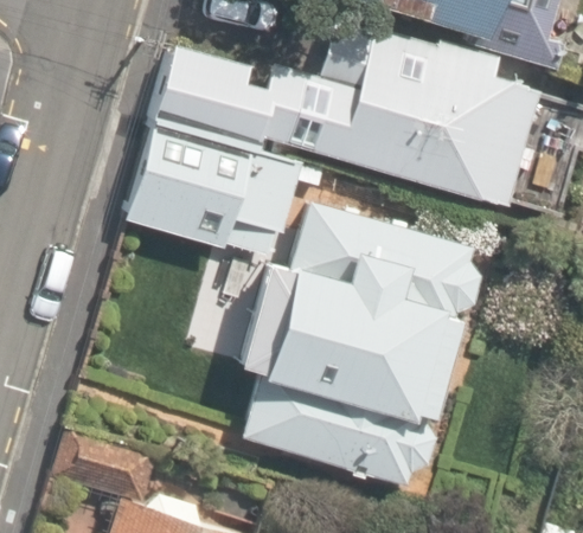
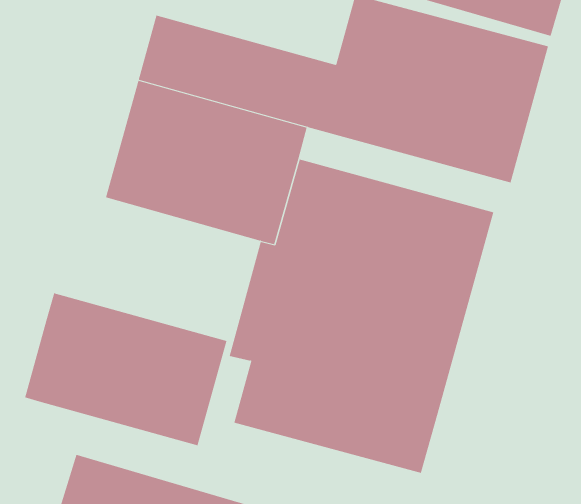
building: none -> [24,292,227,446]

